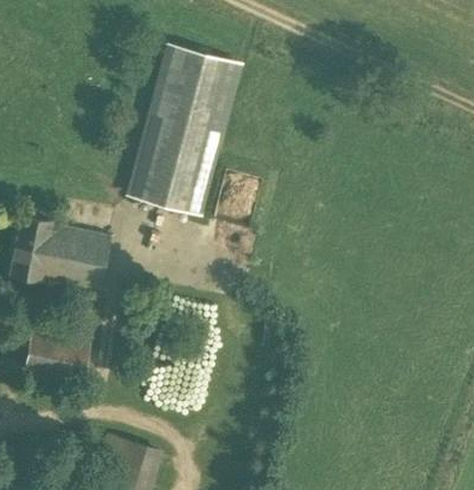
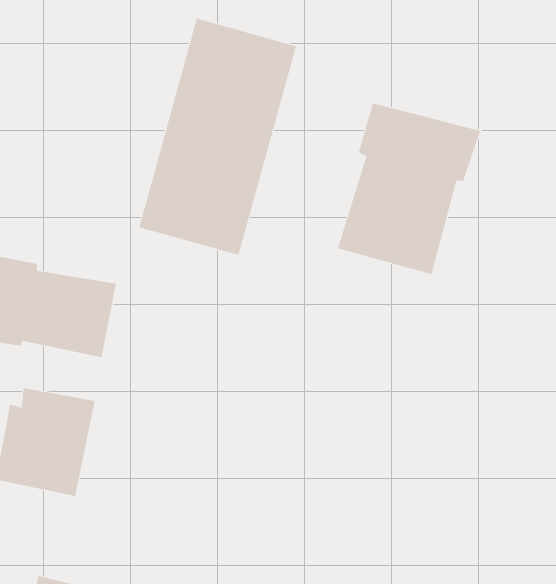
building: none -> [337,102,481,275]

